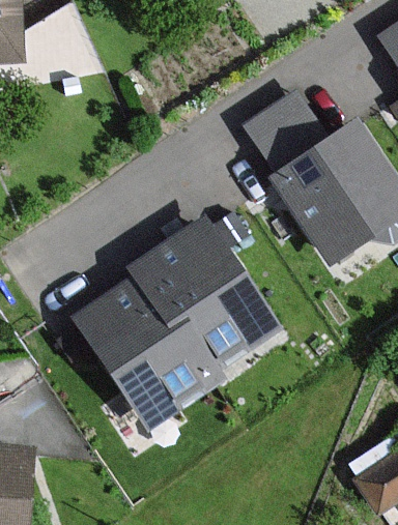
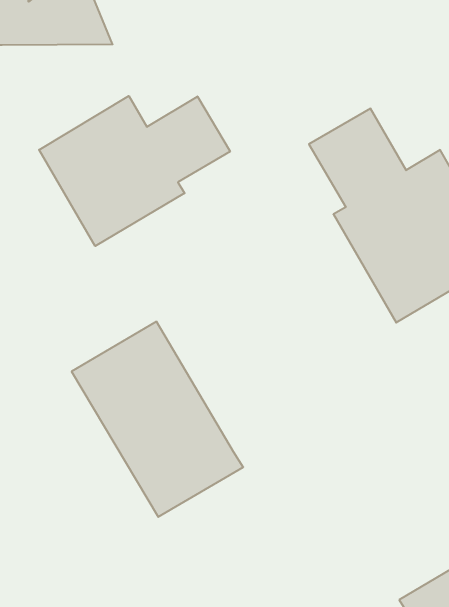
building: none -> [39,96,230,246]
building: [136,221,276,371] -> none

